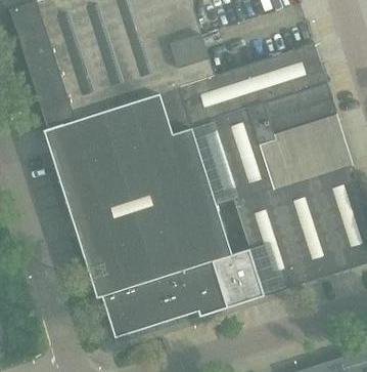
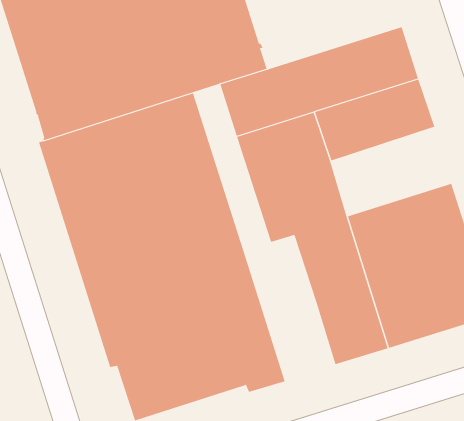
building: [158,86,264,307] -> none
building: [261,118,351,184] -> none

